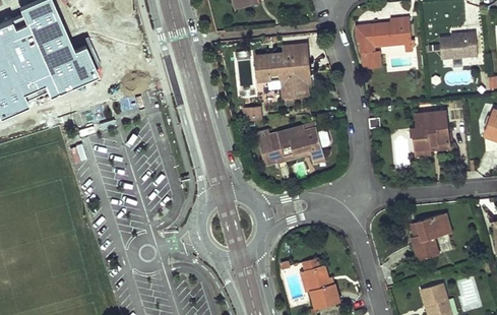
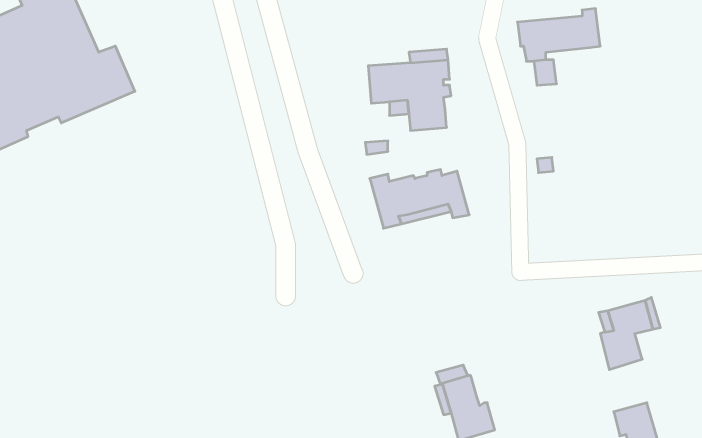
building: [439,33,475,59] -> none
building: [412,111,448,151] -> none

